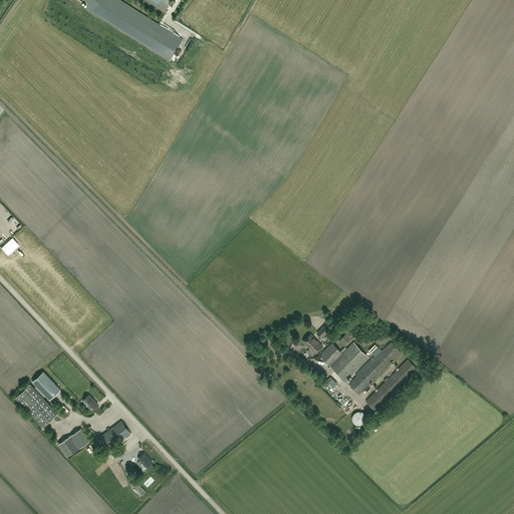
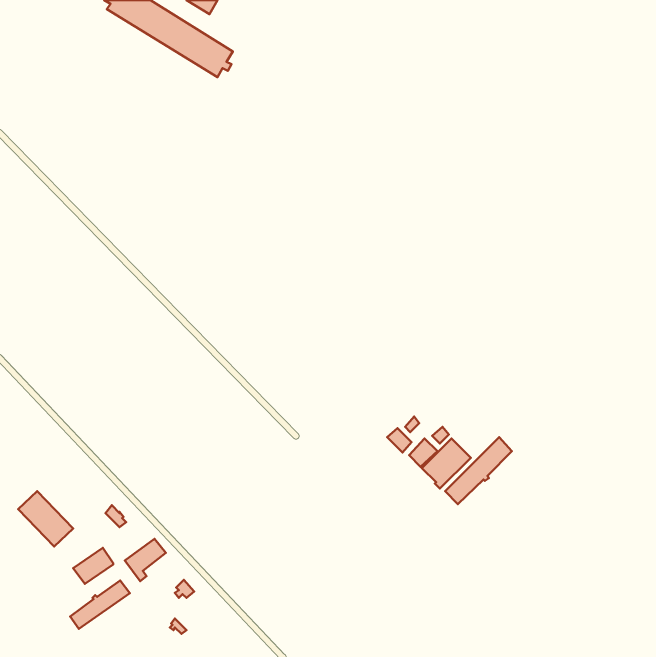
building: [364,359,417,412] -> none
building: [31,371,60,400] -> none
building: none -> [70,581,130,629]

